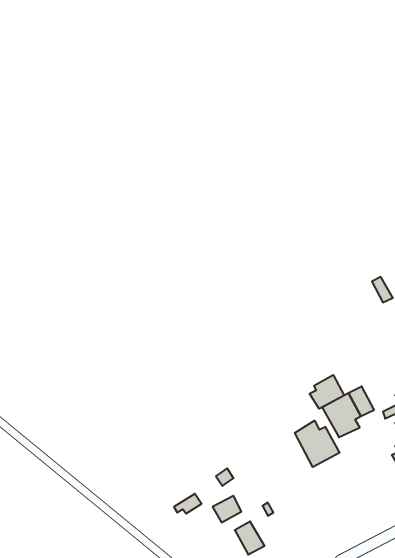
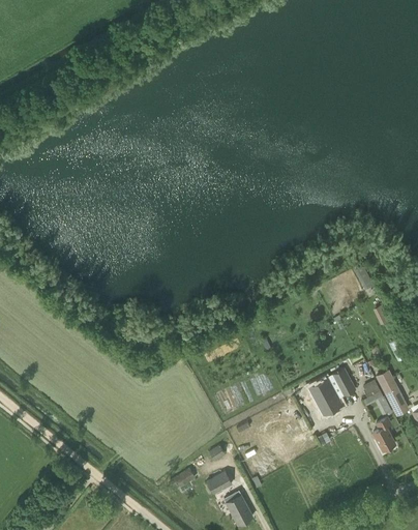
building: [310,375,344,409] -> none
building: [295,421,340,467] -> none

